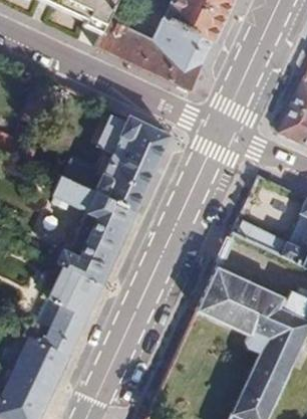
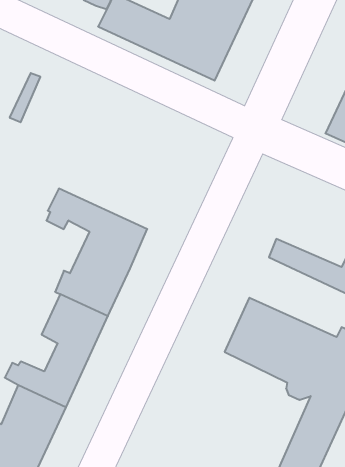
building: [61,115,170,210] -> none

